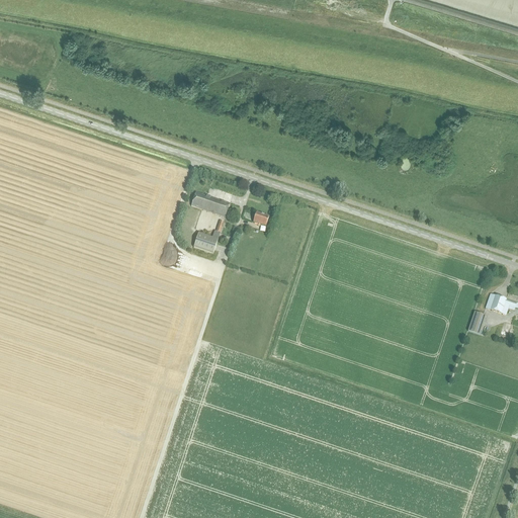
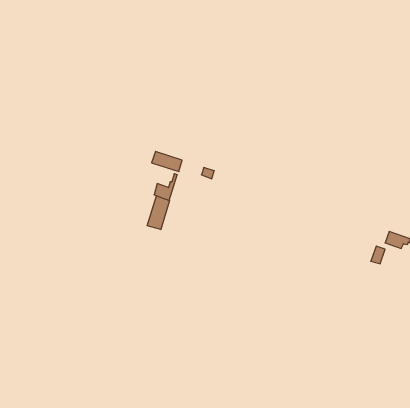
building: none -> [147,196,170,230]

